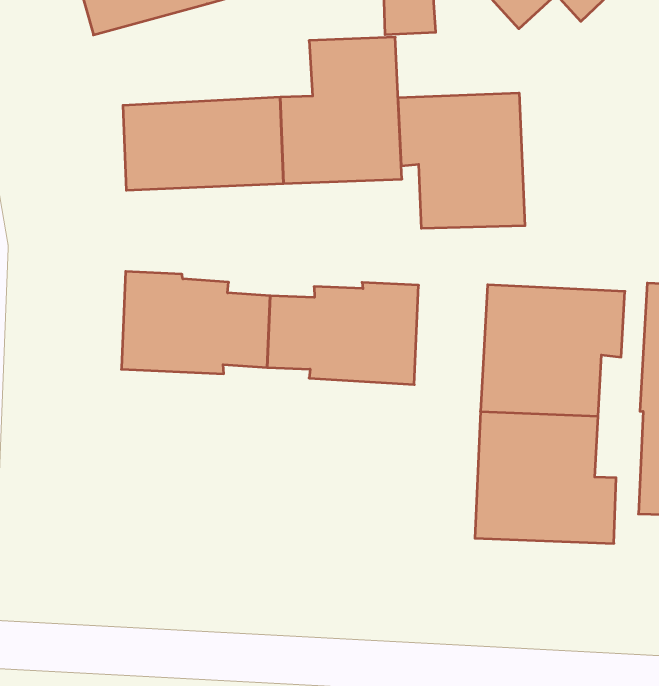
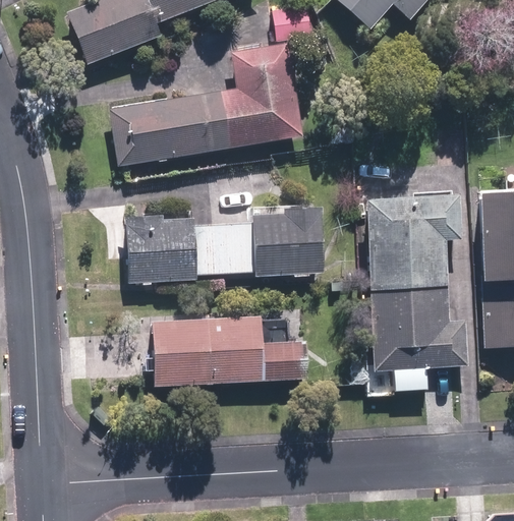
building: [398,93,525,228] -> none
building: none -> [151,315,306,386]

